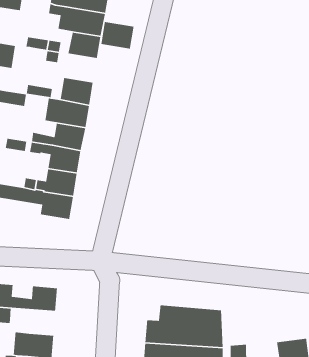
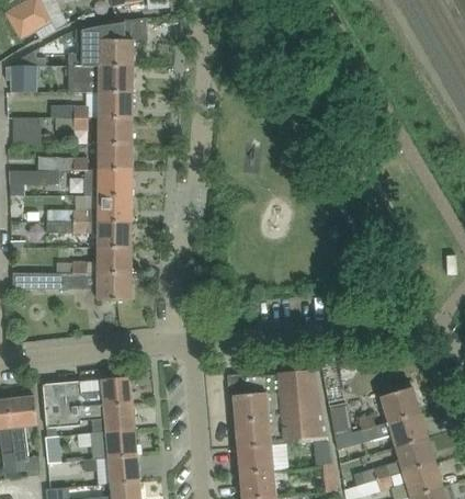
building: [100,21,134,49] -> [98,118,132,145]
building: none -> [82,404,134,432]

